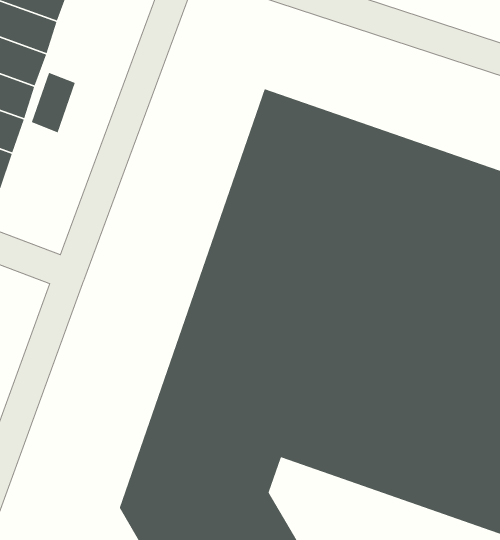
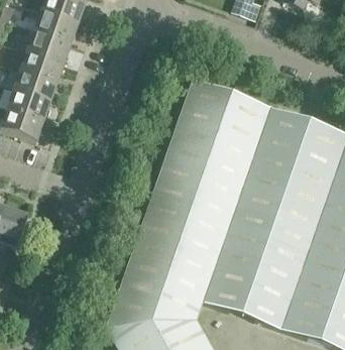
building: [31,72,76,133] -> none

